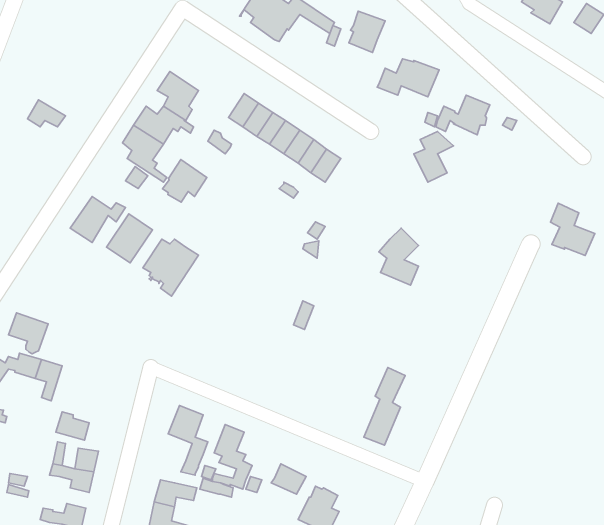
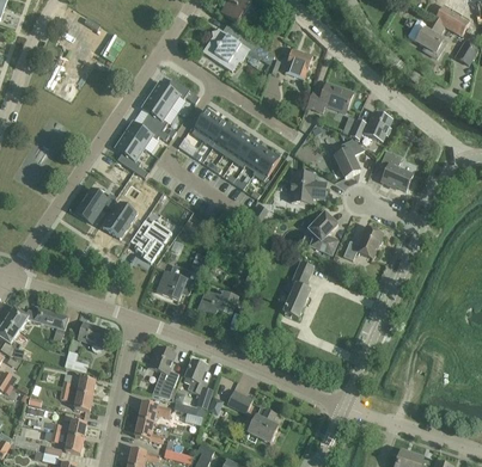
building: none -> [150,79,188,107]
building: [163,160,207,202] -> none
building: none -> [291,173,324,203]
building: [550,203,595,256] -> [379,150,413,190]
building: none -> [342,226,382,259]
building: none -> [155,264,196,300]
building: [8,313,48,354] -> [78,321,108,352]
building: none -> [199,290,246,315]
building: [364,368,405,445] -> [282,259,313,318]

